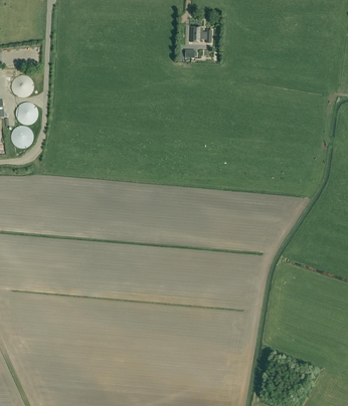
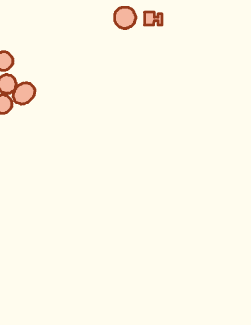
building: none -> [115,7,136,29]
building: none -> [13,83,35,104]

